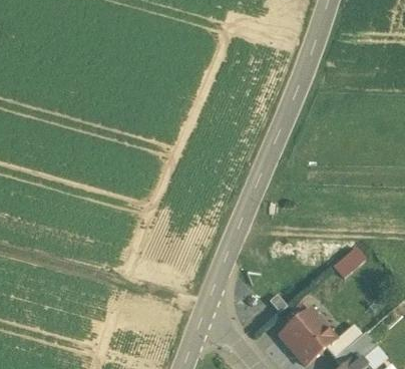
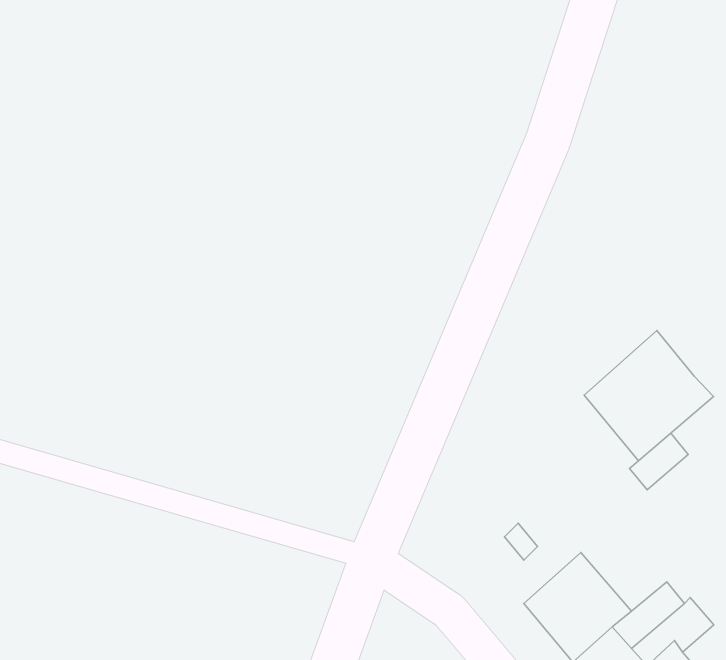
building: none -> [584,331,713,461]

